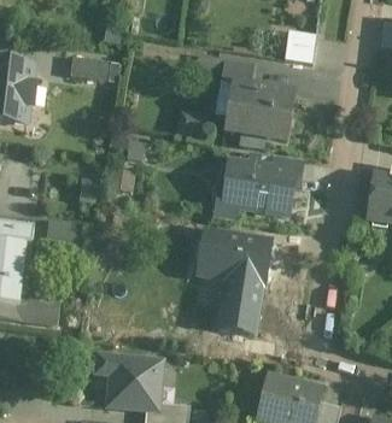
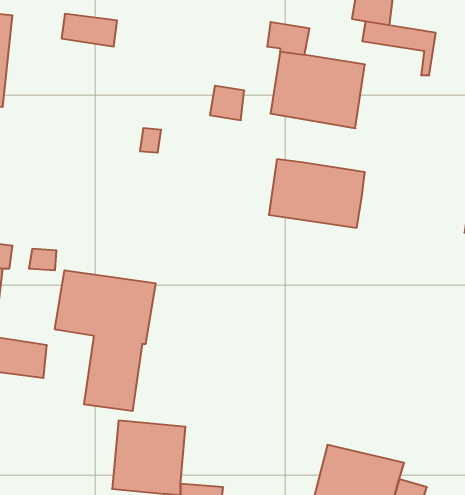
building: [247,149,302,189] -> [362,21,436,75]
building: [195,229,270,333] -> [55,270,156,411]

